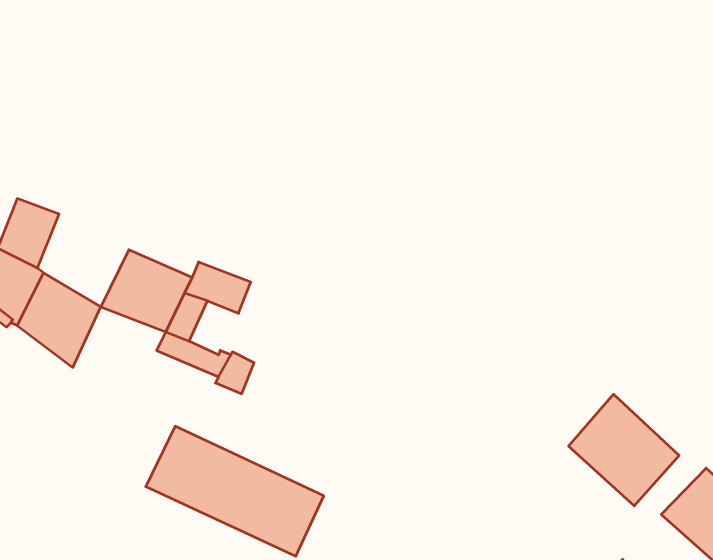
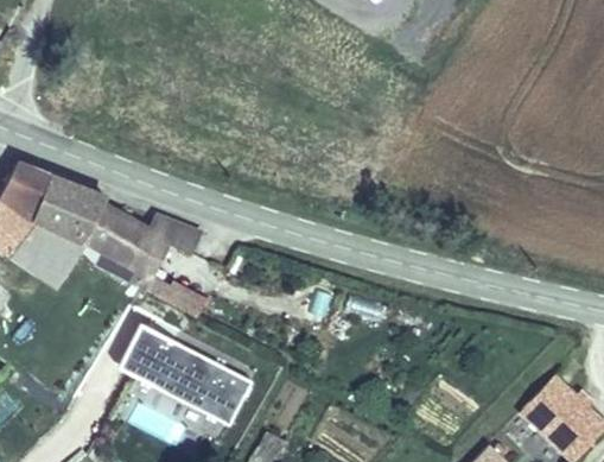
building: none -> [33,172,106,243]
building: [569,394,679,506] -> none

